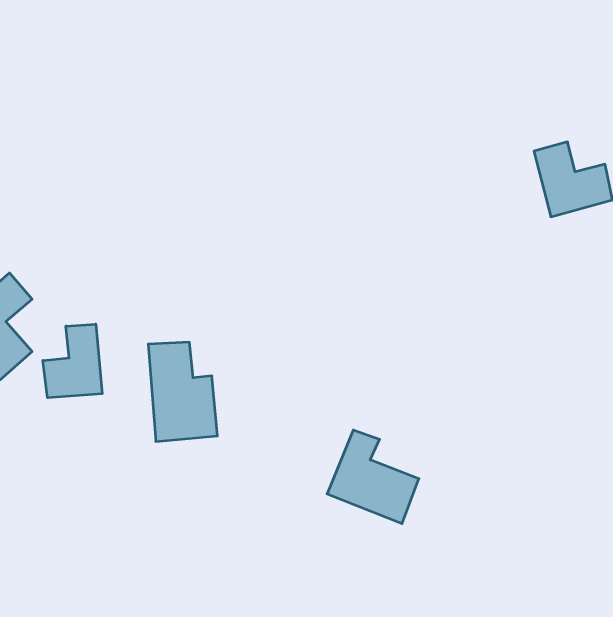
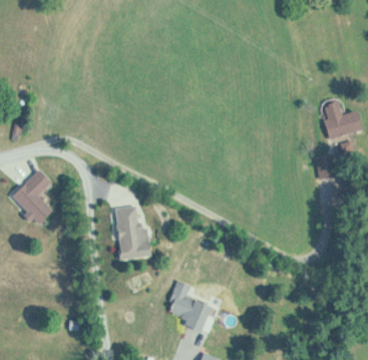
building: [43,324,102,398] -> none
building: [327,430,419,524] -> [164,280,214,330]

